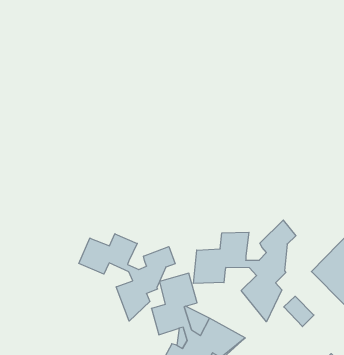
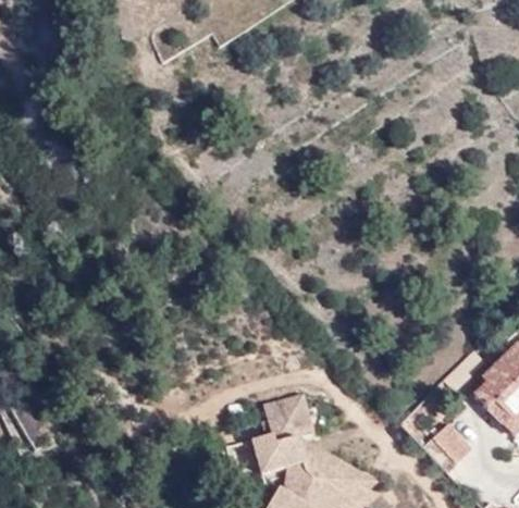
building: [194,220,296,322] -> none
building: [79,234,175,321] -> none

